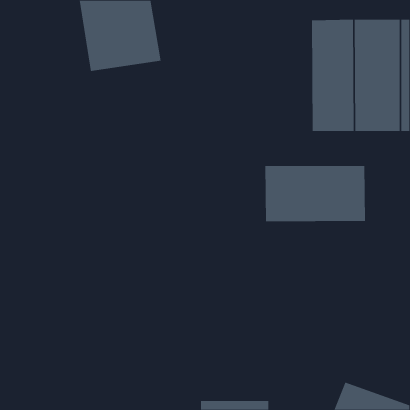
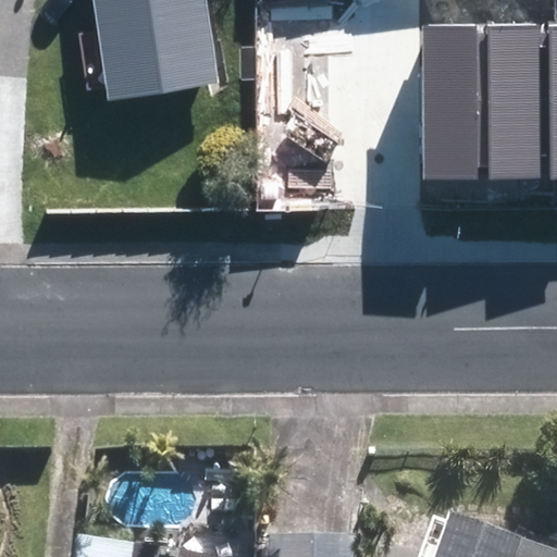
building: [265,165,365,222] -> none

